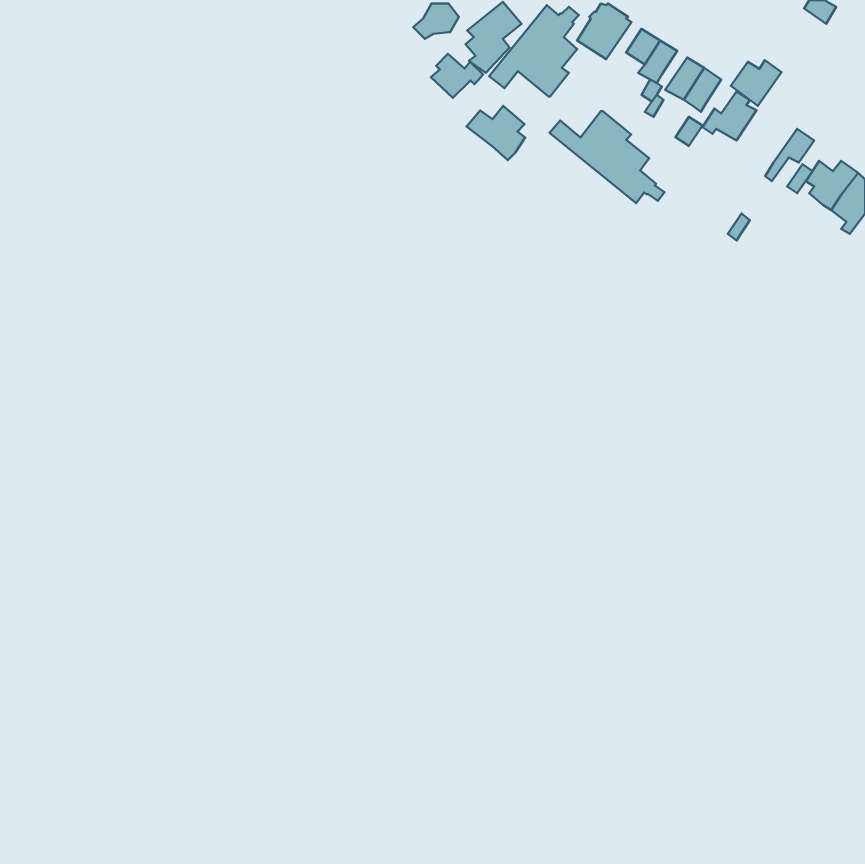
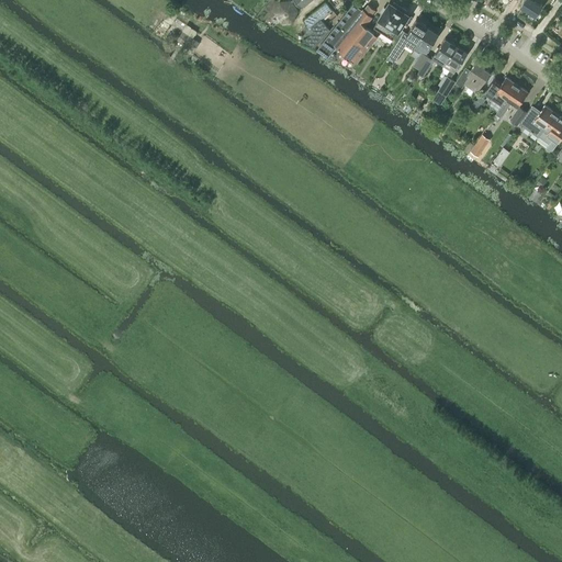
building: [431,54,483,98] -> none
building: [731,60,782,106] -> [484,77,517,106]
building: [467,106,525,160] -> none
building: [550,111,665,203] -> none

